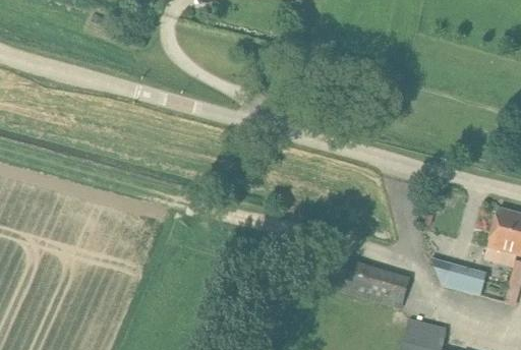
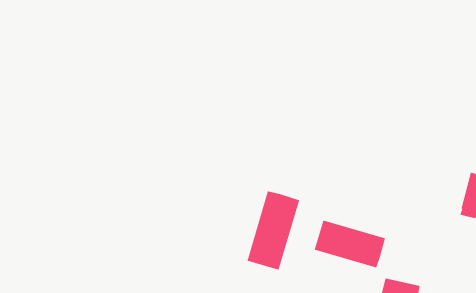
building: none -> [247,190,300,271]
building: [447,262,487,295] -> none

